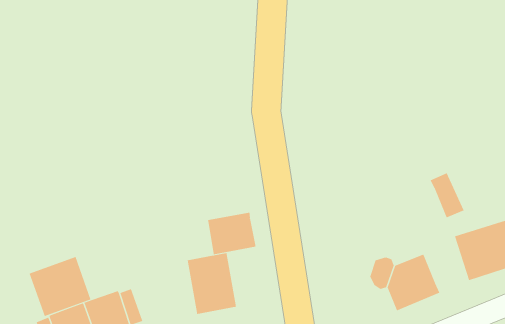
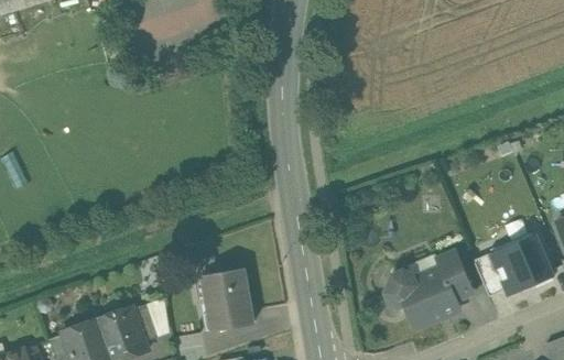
building: [430,172,465,218] -> [437,252,473,298]
building: [208,212,256,255] -> none
building: [29,256,91,317] -> none

